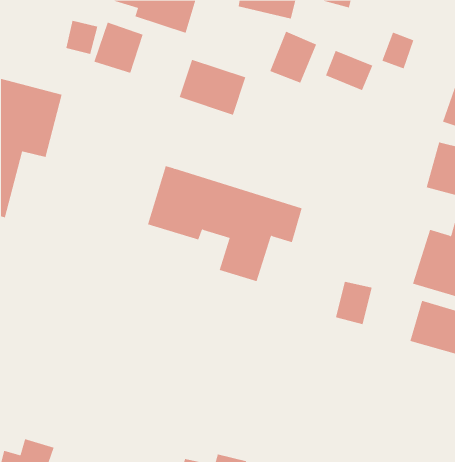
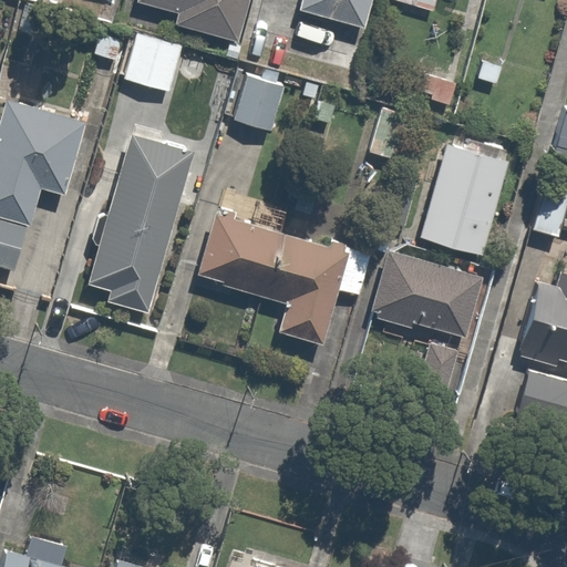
building: [270,31,317,84] -> none
building: none -> [419,131,512,255]
building: none -> [89,135,192,313]
building: none -> [370,251,481,341]

